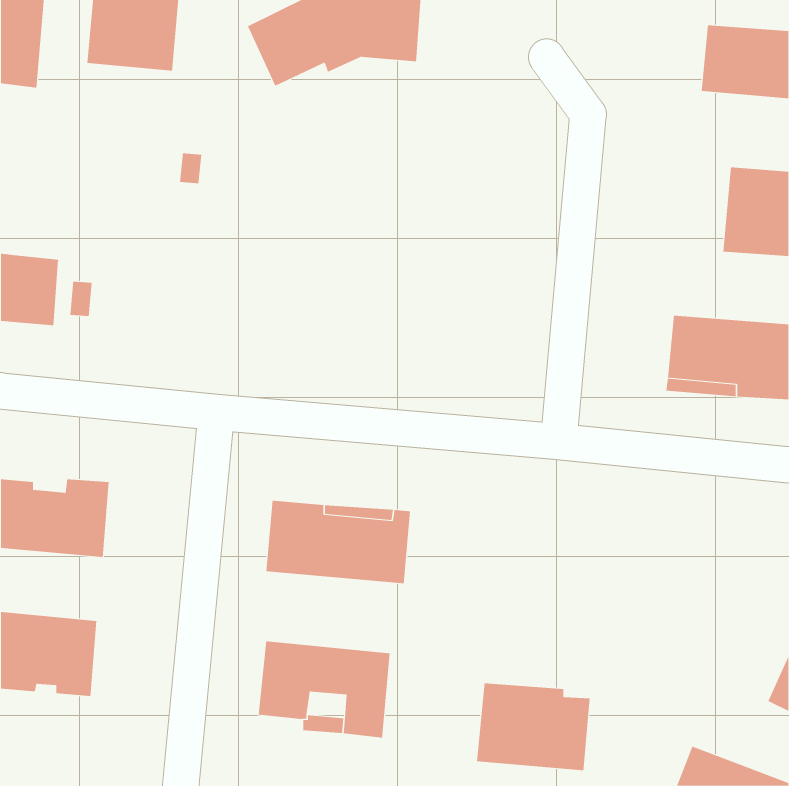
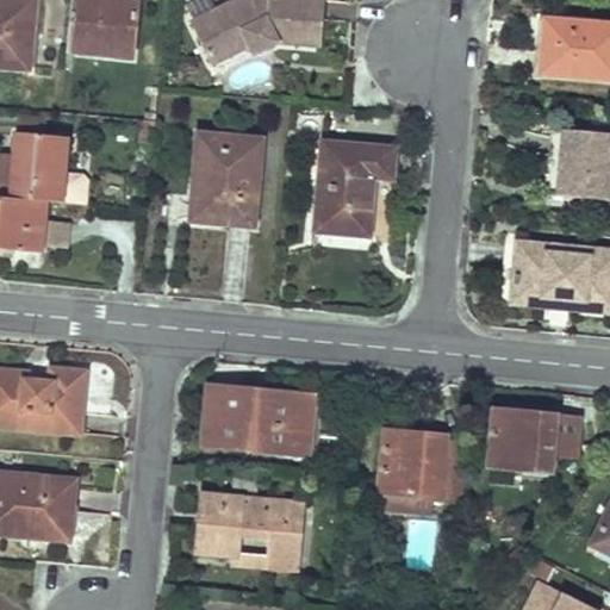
building: none -> [11,132,87,204]
building: none -> [192,132,261,223]
building: none -> [315,142,393,234]
building: none -> [491,409,578,468]
building: [476,683,590,771] -> [380,430,468,498]

